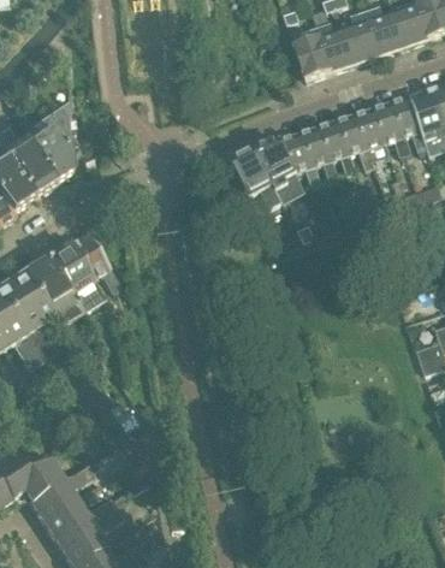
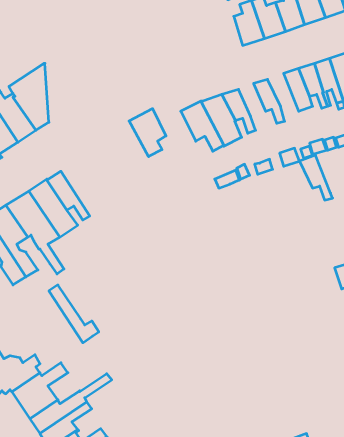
building: [336,113,375,167] -> [300,155,333,200]
building: [301,125,338,179] -> none
building: none -> [129,109,166,157]

